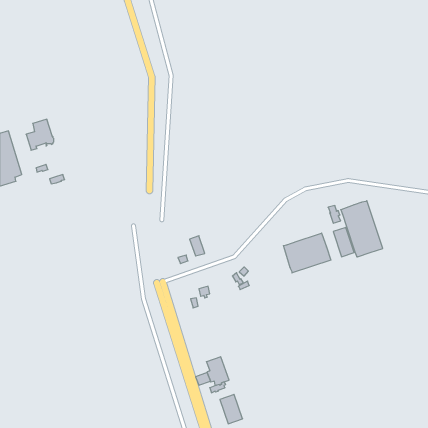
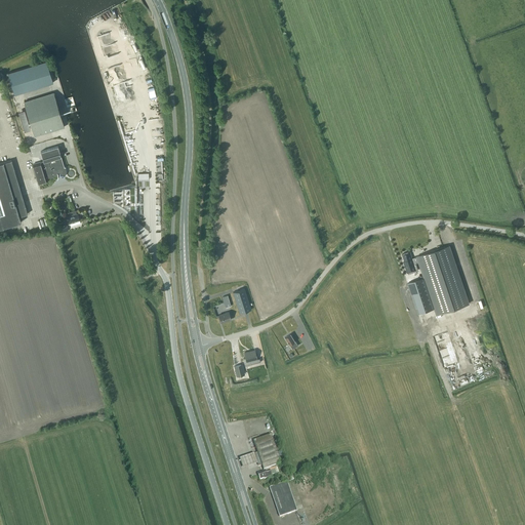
building: none -> [10,62,55,93]
building: none -> [24,93,64,137]
building: [283,233,331,273] -> none

